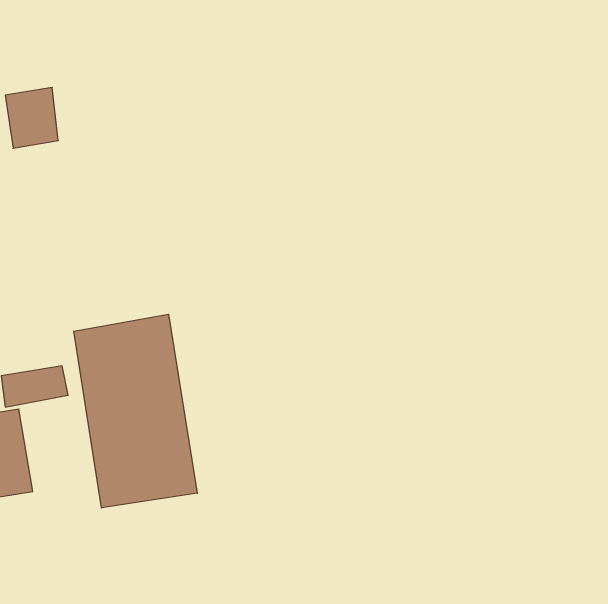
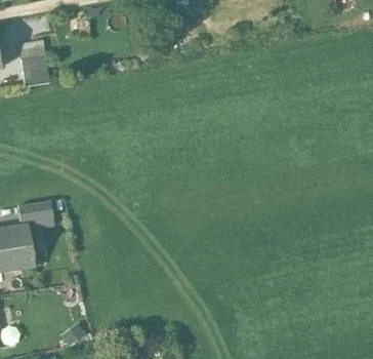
building: [74,314,197,508] -> none

